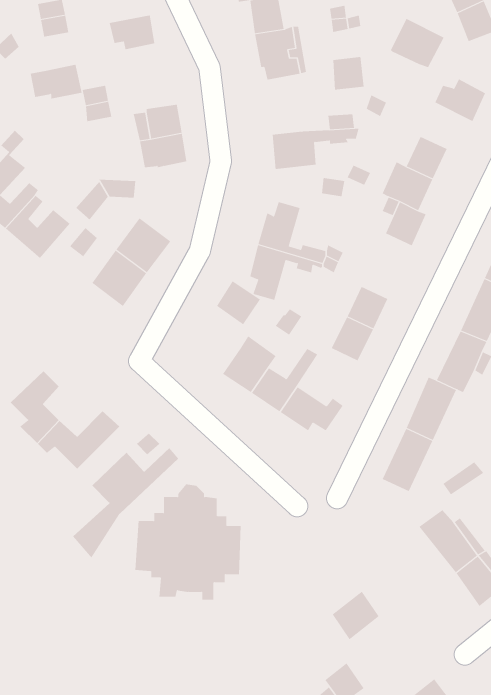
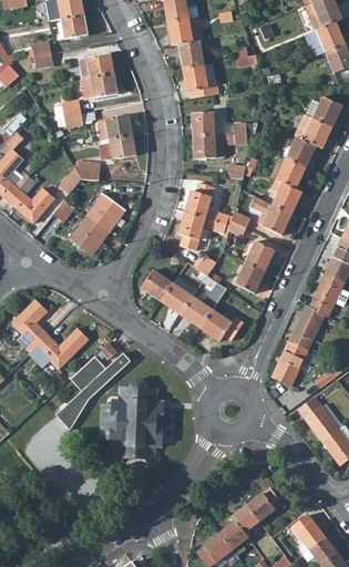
building: [390,18,444,68] -> [296,114,333,148]
building: [333,57,365,90] -> [193,113,215,136]
building: [30,64,82,99] -> [81,73,117,97]
building: none -> [254,198,291,237]
building: [216,280,261,325] -> [141,271,172,302]
building: [332,591,380,640] -> [246,486,279,520]

